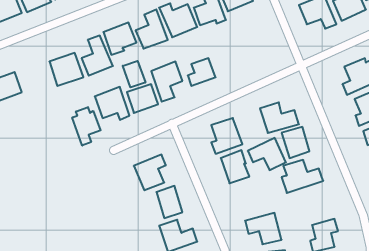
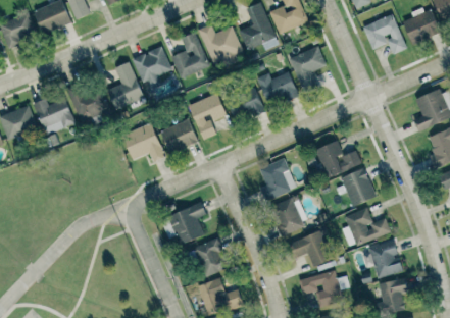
building: none -> [289,46,326,92]
building: none -> [256,71,298,107]
building: [123,61,145,87] -> none
building: none -> [35,98,73,134]
building: [72,107,101,146] -> none
building: [248,138,286,170] -> [288,229,333,267]
building: none -> [368,240,402,278]

